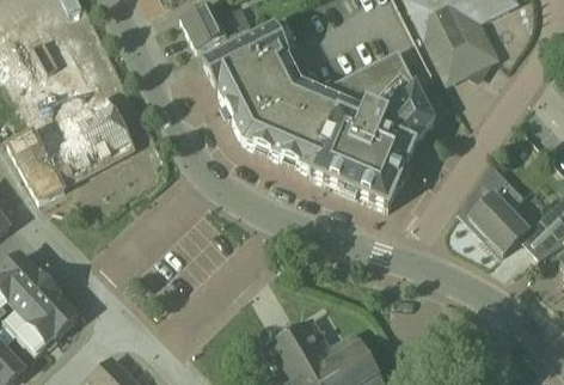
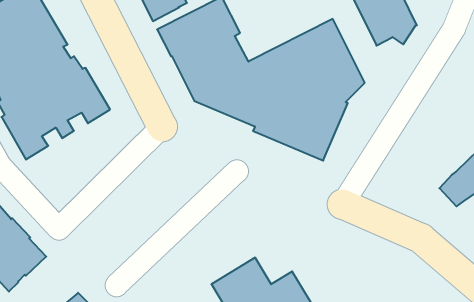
building: [460,163,533,252] -> none

